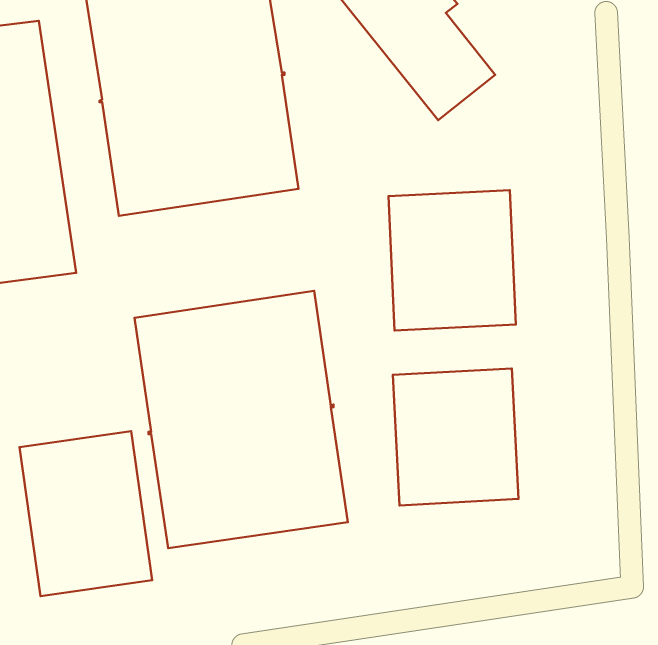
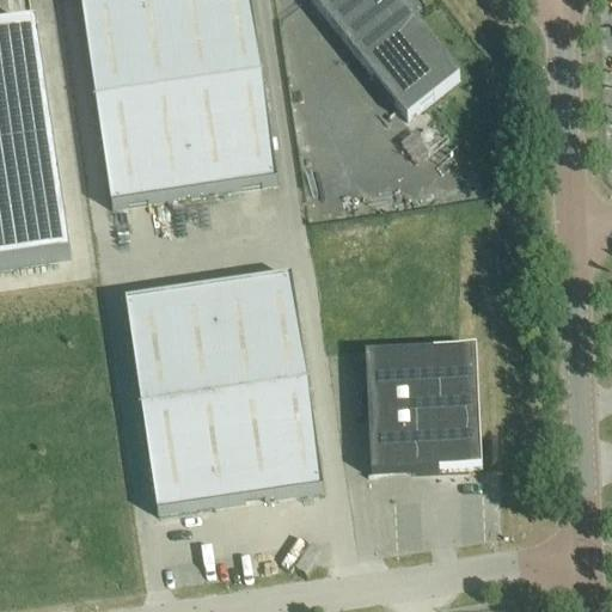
building: [389,190,516,331] -> none
building: [20,431,152,596] -> none

